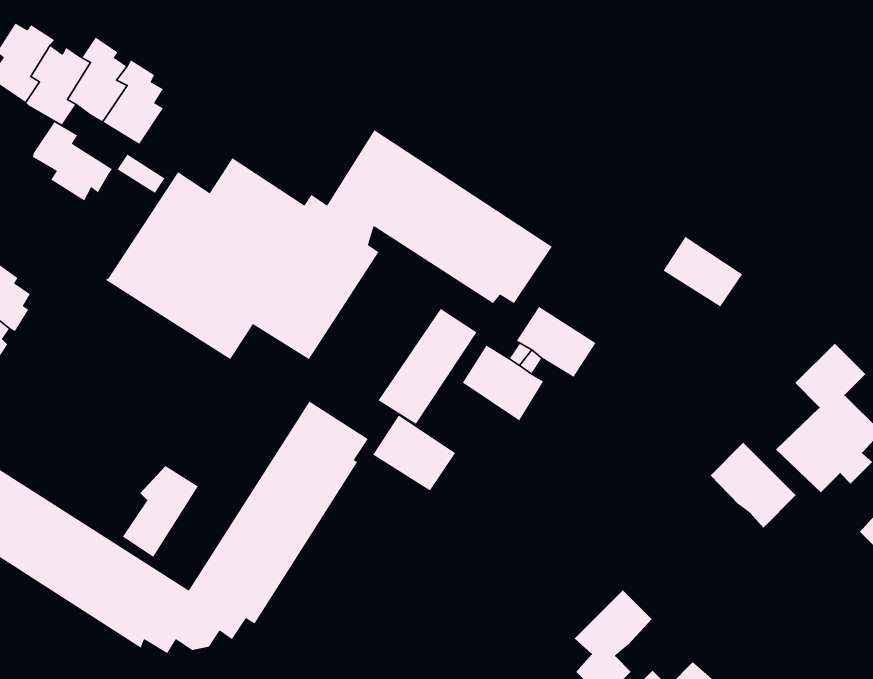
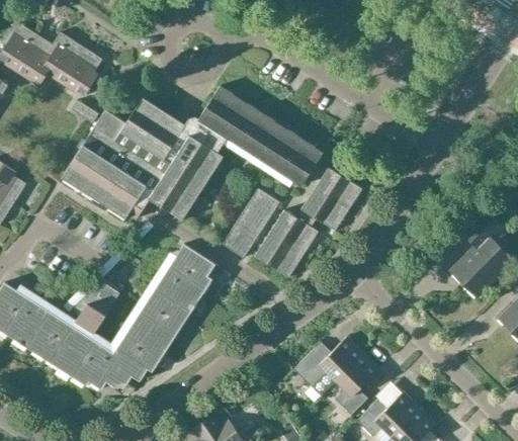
building: [32,121,113,201] -> none
building: [663,236,743,307] -> [315,167,361,208]
building: [372,414,456,491] -> [255,232,304,276]
building: [710,442,797,529] -> none
building: none -> [295,336,363,394]

